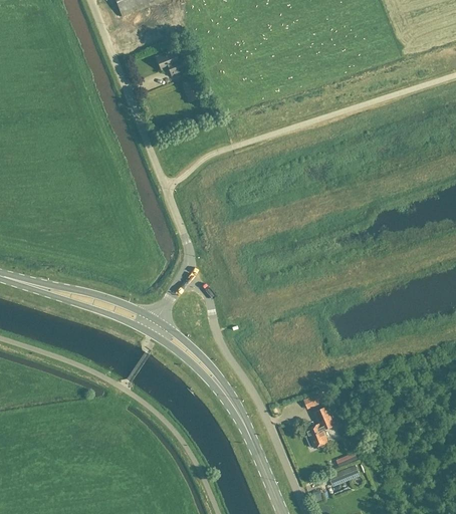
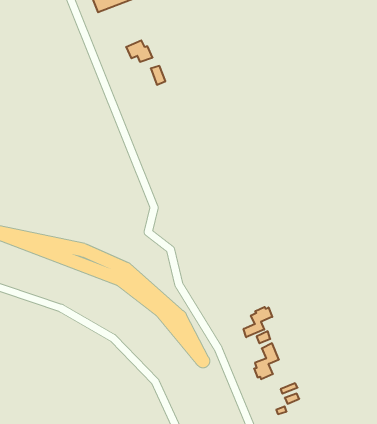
building: none -> [244,307,272,337]

